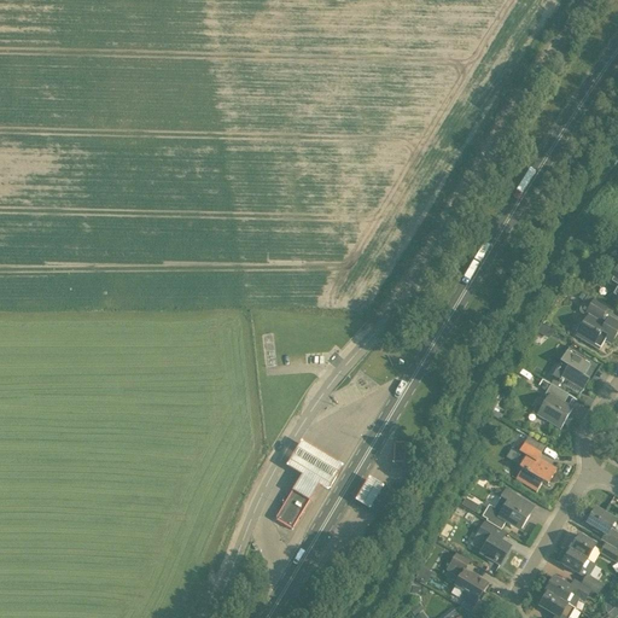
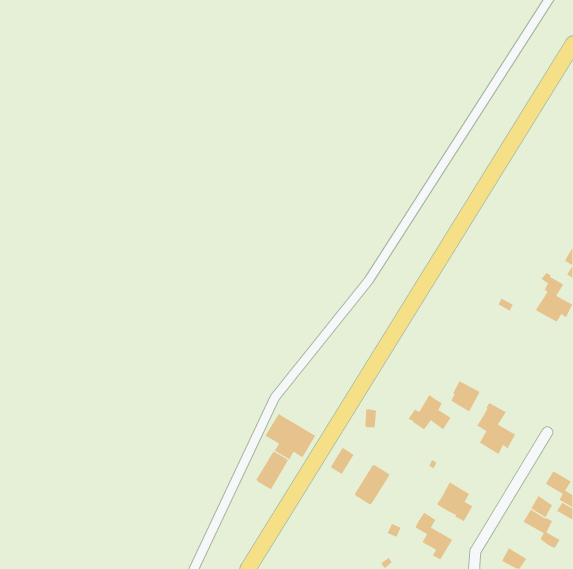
building: [550,345,589,390] -> none
building: [540,393,572,427] -> [450,381,481,412]
building: [482,488,529,526] -> [408,394,451,430]
building: none -> [354,464,390,506]
building: [546,576,590,602] -> none

